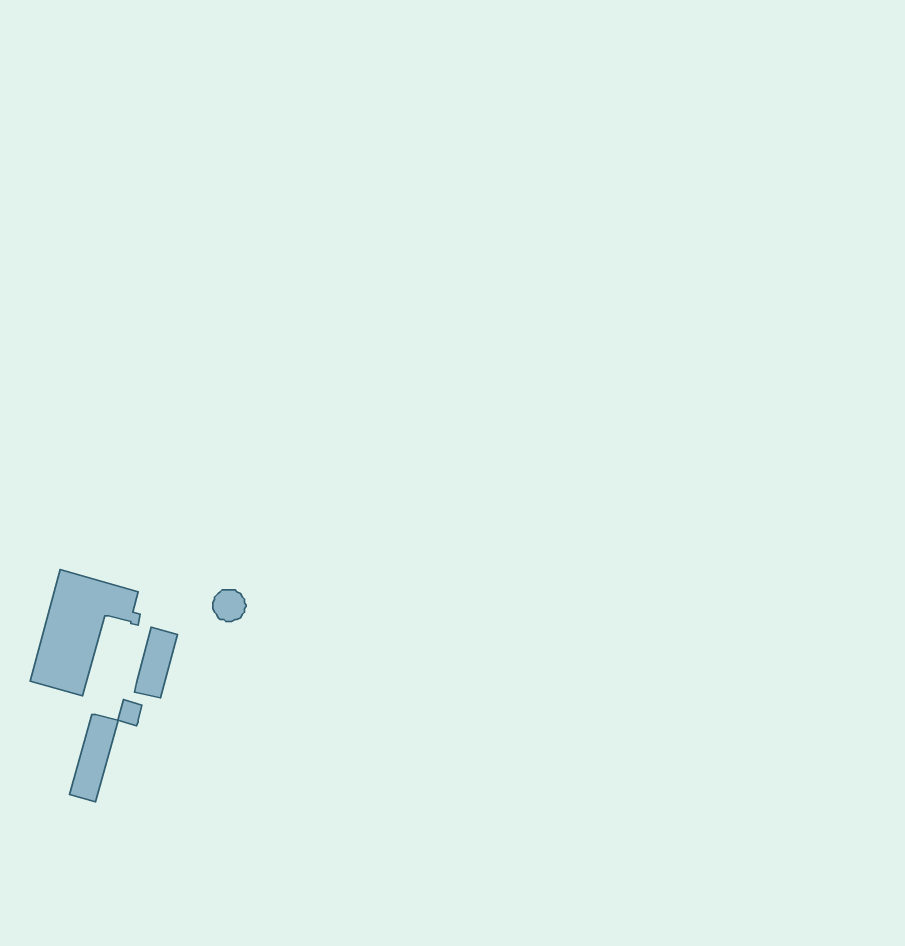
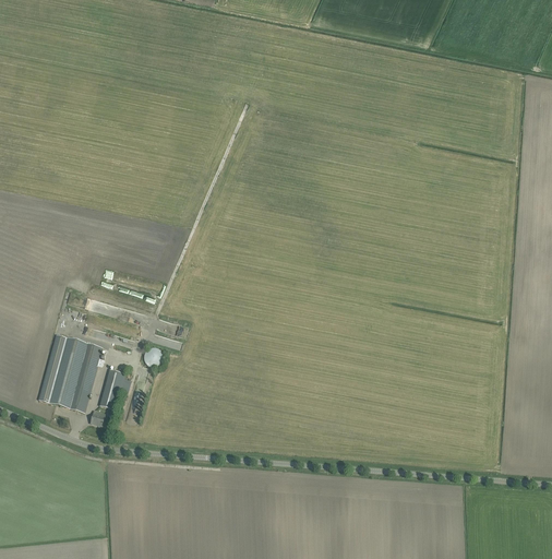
building: [69,715,118,802] -> [69,361,97,413]

